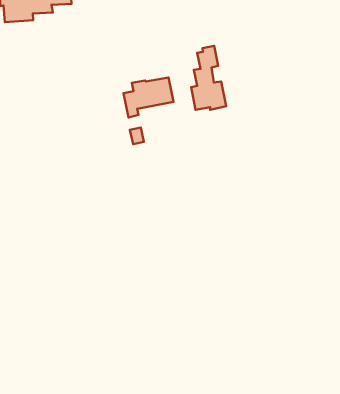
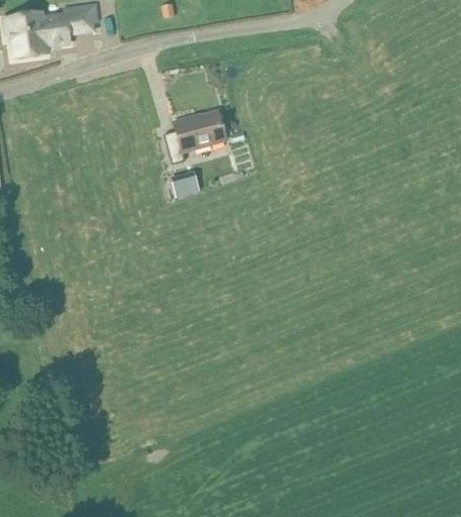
building: [191,46,226,110] -> none

